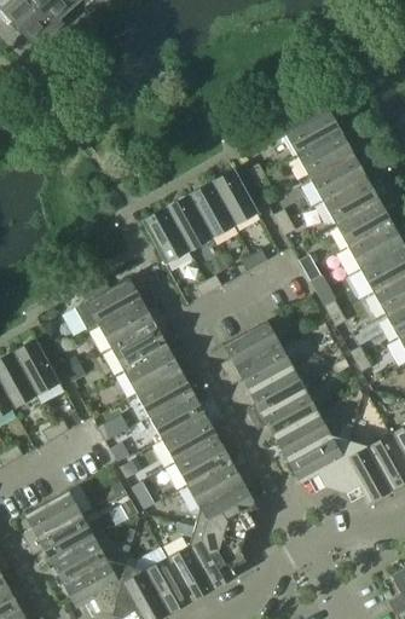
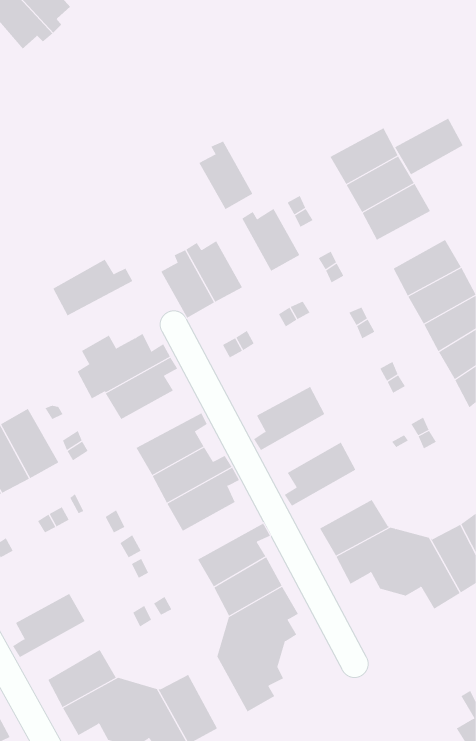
building: [322,177,378,224] -> [394,118,463,175]
building: [190,183,235,239] -> [199,141,253,210]
building: [111,324,178,371] -> [52,259,133,316]
building: [226,343,293,392] -> none
building: [251,389,318,438] -> none
building: [162,416,228,463] -> none
building: [28,514,94,562] -> none
building: [167,543,215,602] -> none

